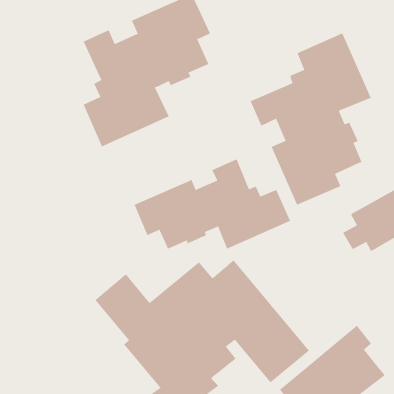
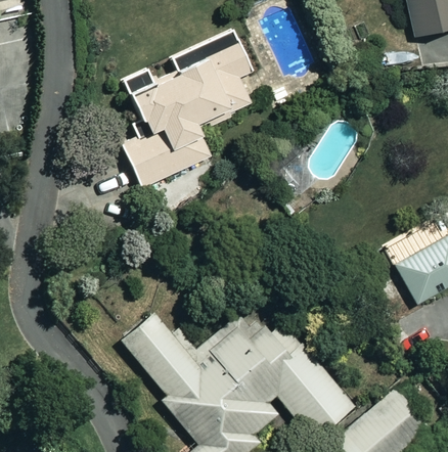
building: [250,32,371,206] -> none
building: [134,159,291,250] -> none

